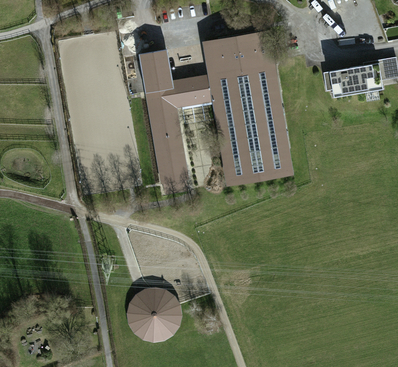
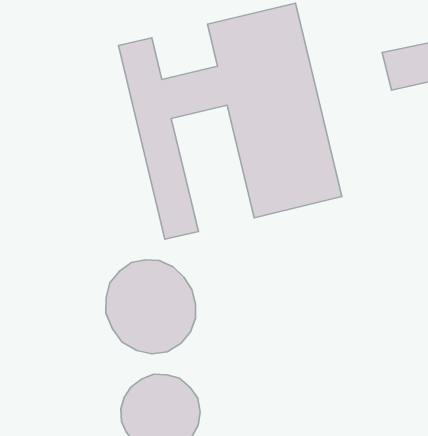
building: none -> [106,260,196,354]

